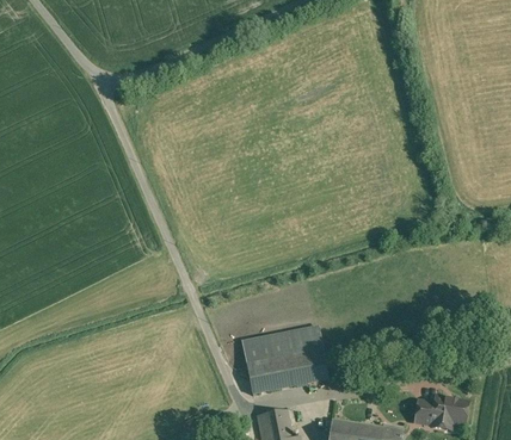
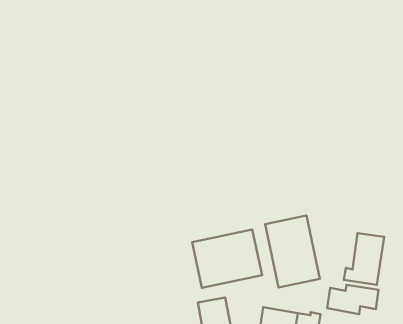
building: none -> [265,216,320,288]
building: none -> [344,233,384,285]

